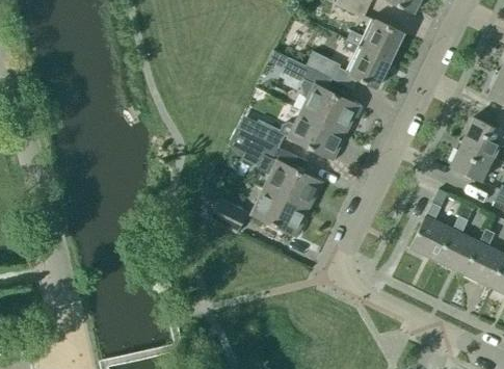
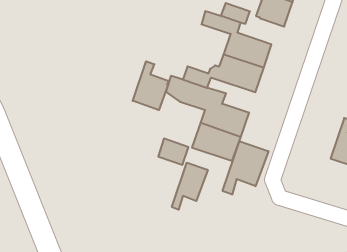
building: none -> [133,61,168,110]
building: none -> [223,141,268,195]
building: none -> [172,163,208,210]

